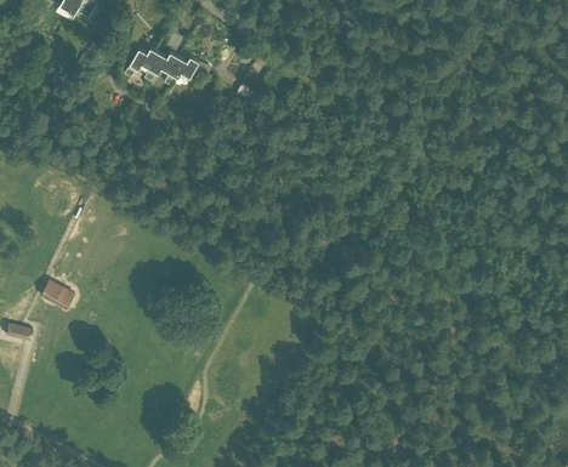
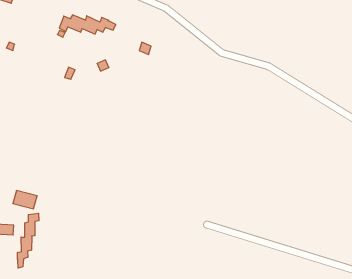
building: none -> [17,213,39,268]

